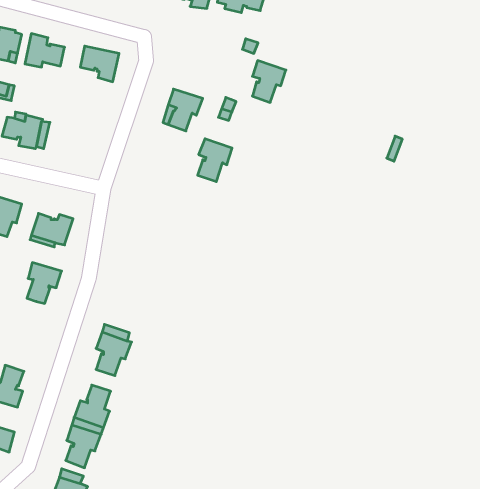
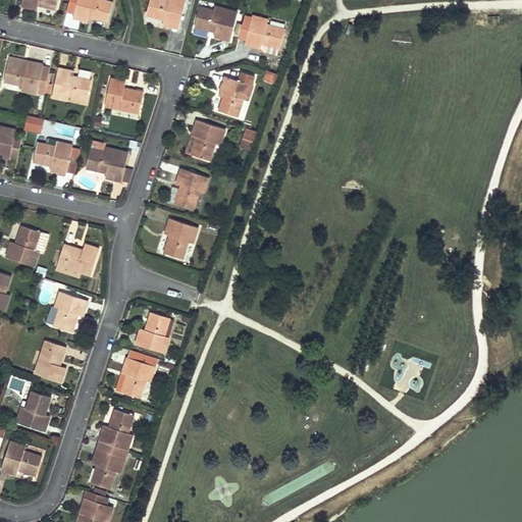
building: [252,61,286,102] -> [218,77,251,118]
building: none -> [84,147,125,180]
building: [198,139,232,182] -> [173,169,207,211]
building: none -> [163,220,197,260]
building: none -> [135,314,169,355]
building: none -> [33,340,64,380]

